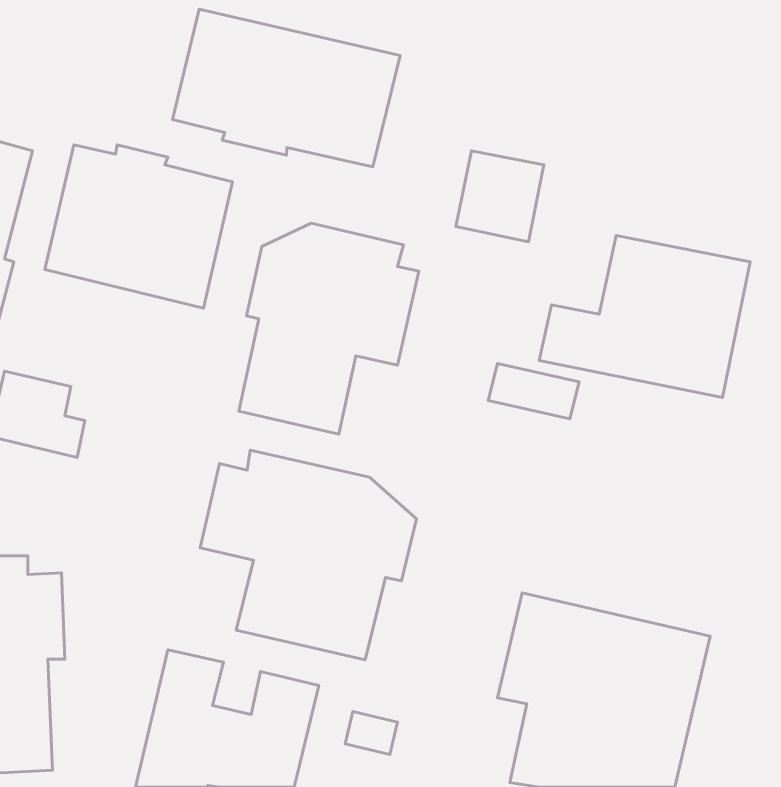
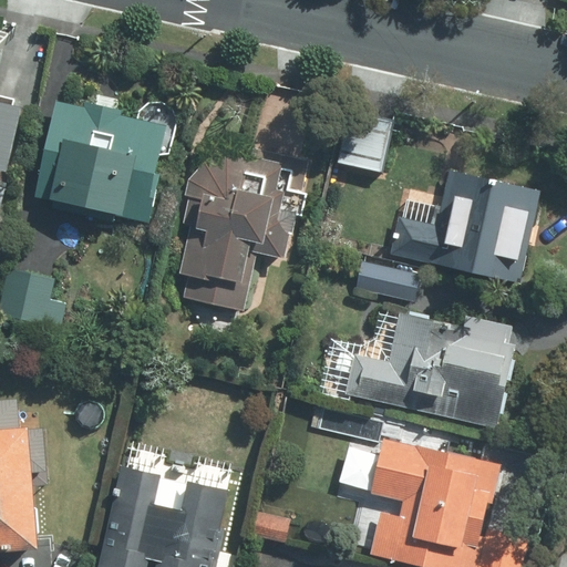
building: [172,9,400,167] -> none
building: none -> [341,316,518,431]
building: [200,450,416,660] -> none

